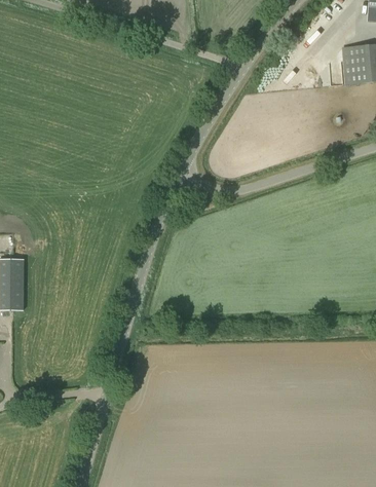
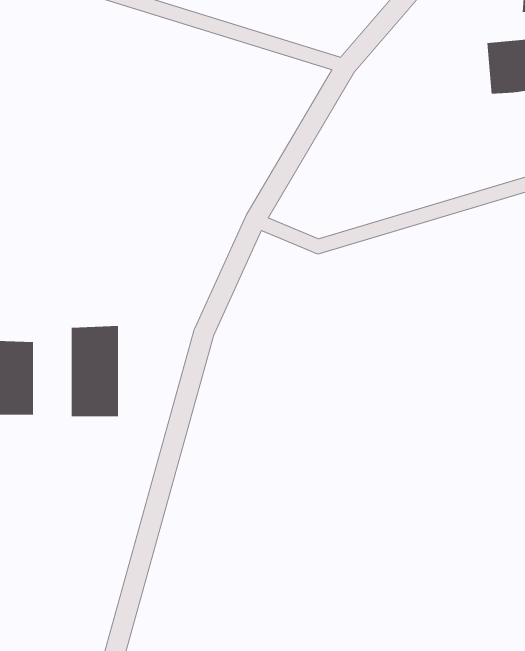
building: none -> [71,325,118,417]

